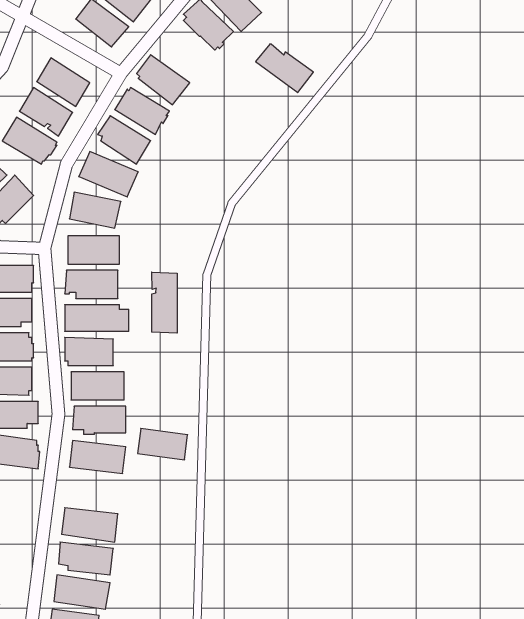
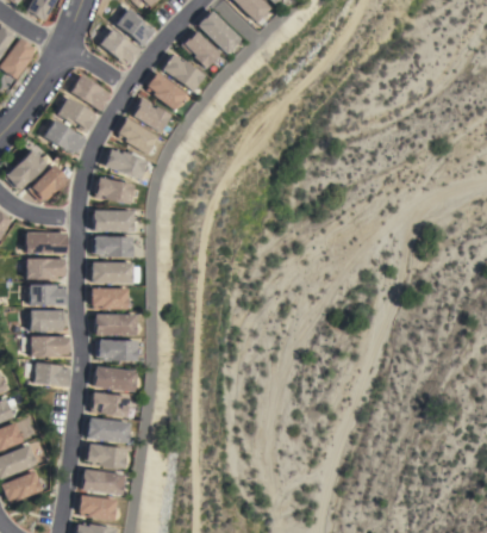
building: [256,44,313,93] -> [161,54,205,91]
building: [152,272,177,333] -> none
building: [138,428,188,460] -> [93,391,131,415]

